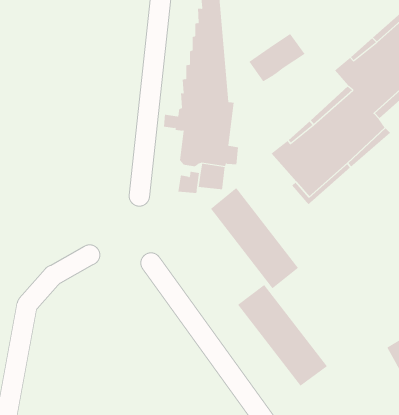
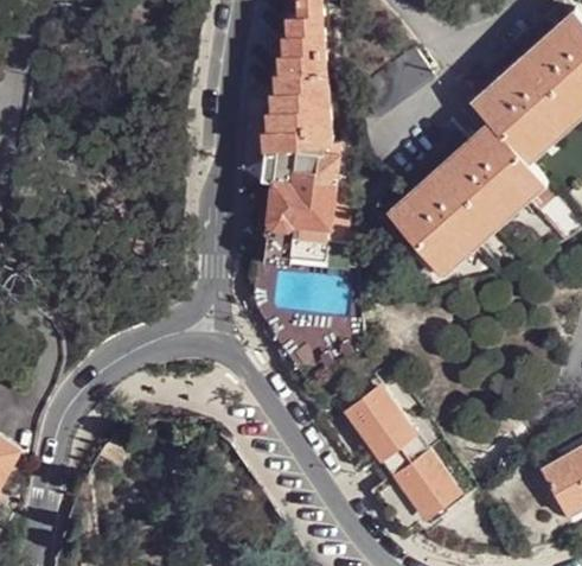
building: [210,187,299,289] -> none

